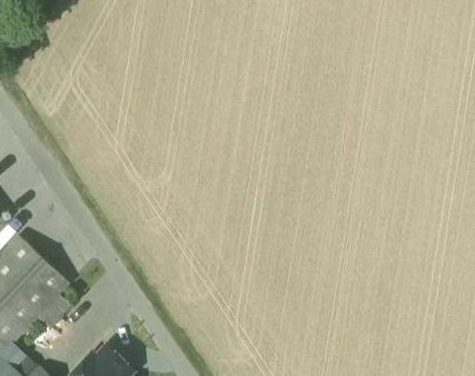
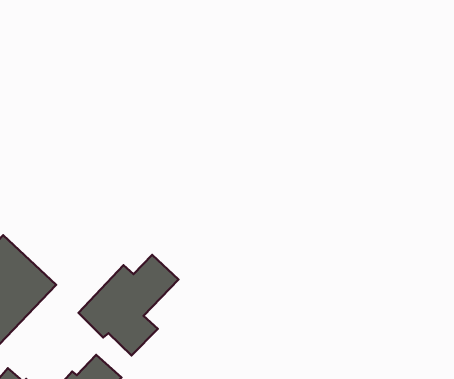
building: none -> [78,255,179,355]

